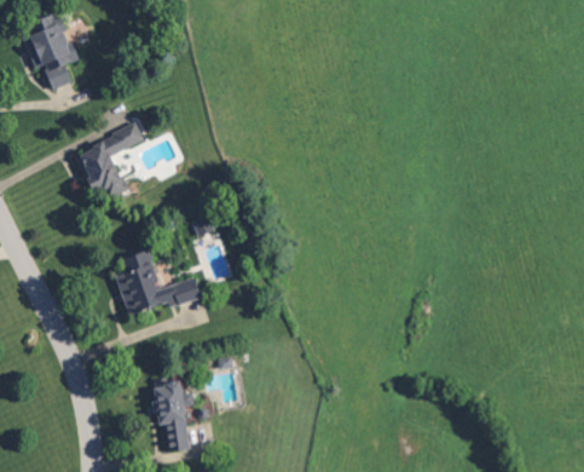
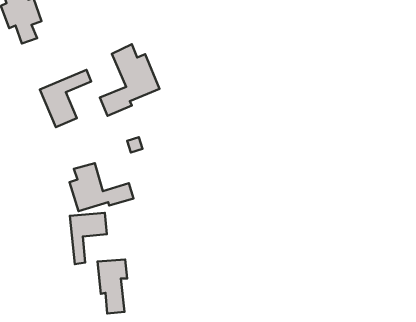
building: none -> [100,44,160,116]
building: none -> [70,213,107,264]

